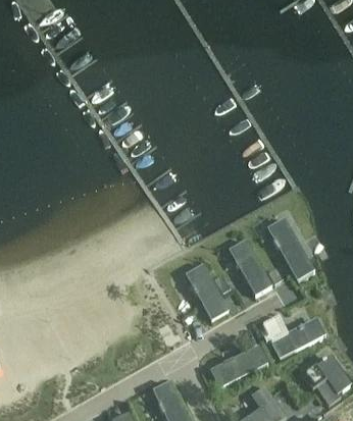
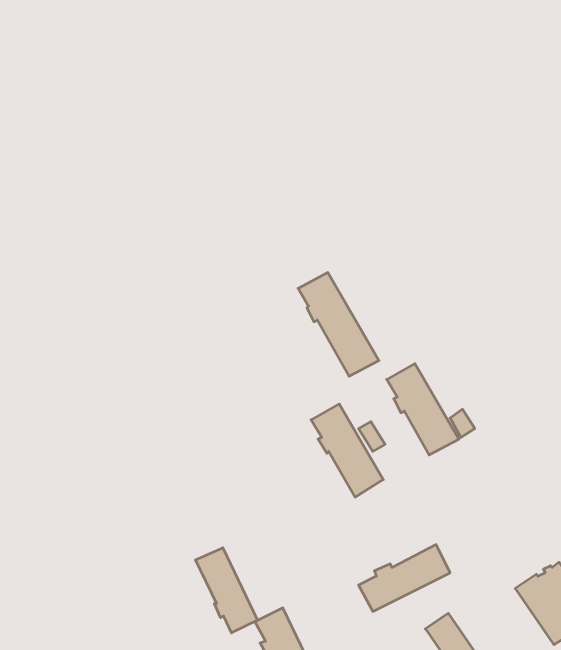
building: [268,218,315,278] -> [298,273,379,376]
building: [261,315,324,357] -> none
building: none -> [196,548,257,633]

